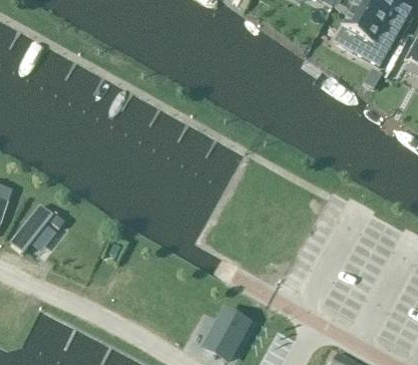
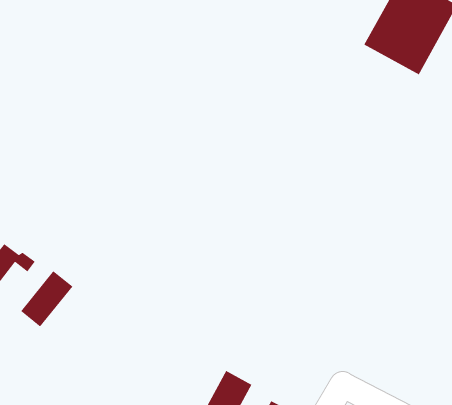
building: none -> [20,270,73,327]

